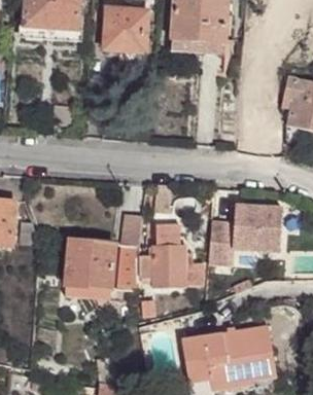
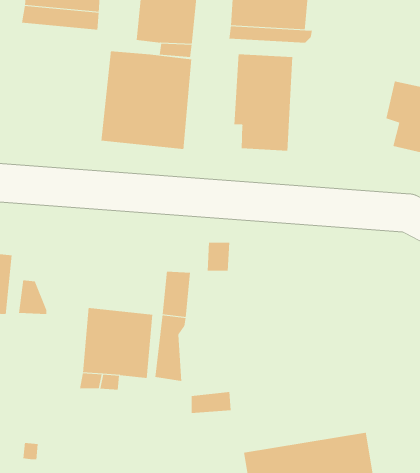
building: none -> [101,51,192,150]
building: none -> [234,54,293,151]
building: [206,207,281,267] -> none
building: [139,222,202,287] -> none

